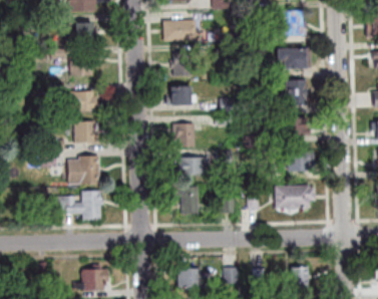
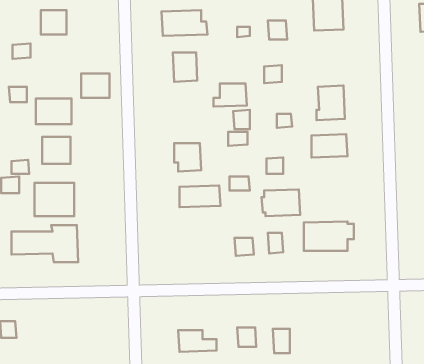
building: [277,48,306,69] -> none
building: [68,54,90,73] -> [81,74,109,98]
building: [166,87,193,105] -> [213,84,247,107]
building: [285,151,315,172] -> [262,189,300,216]
building: [176,187,199,215] -> none
building: [291,268,310,291] -> none
building: [84,271,110,290] -> none

